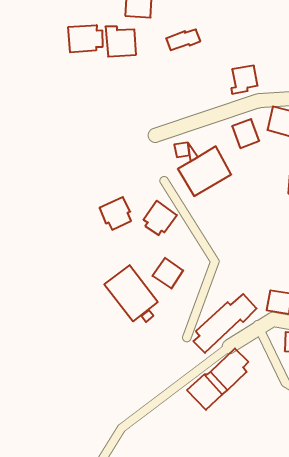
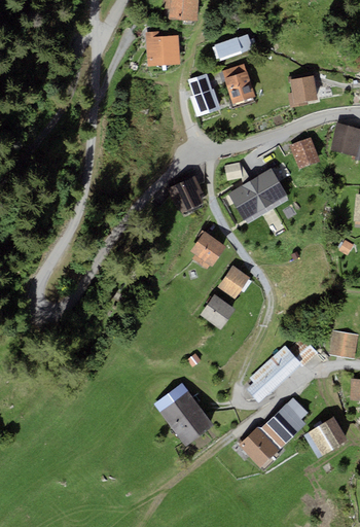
building: [68,25,102,52] -> none
building: none -> [222,64,255,104]
building: none -> [189,73,221,117]
building: [99,197,131,230] -> [168,176,204,213]
building: none -> [218,267,250,298]
building: [104,265,158,321] -> [153,383,214,447]
building: none -> [303,417,348,458]

